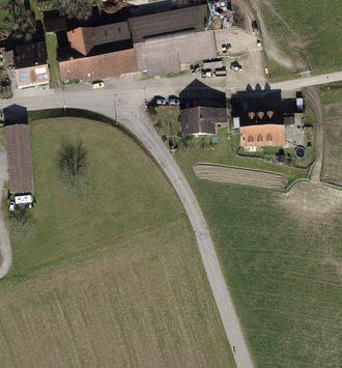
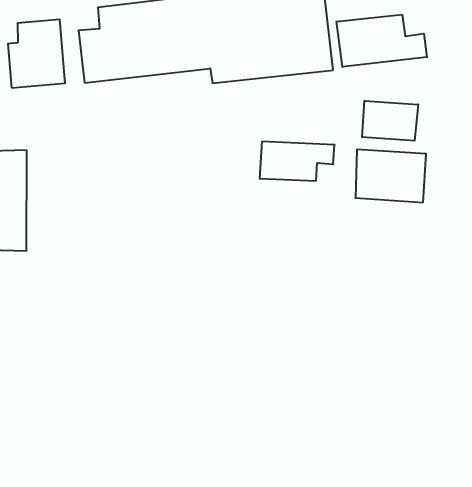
building: none -> [336,15,427,67]
building: none -> [362,101,418,141]

